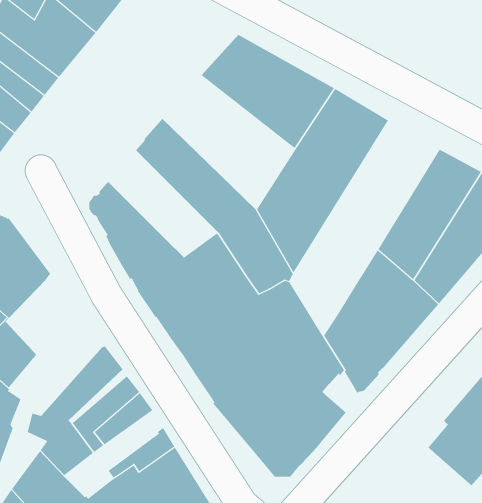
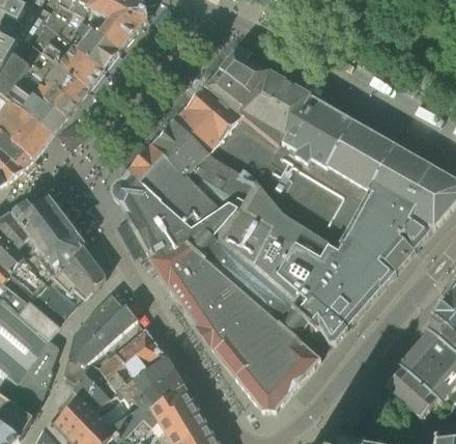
building: none -> [173,85,280,193]
building: none -> [276,121,396,295]
building: none -> [130,145,218,231]
building: none -> [48,245,107,310]
building: none -> [68,292,124,359]
building: none -> [94,355,174,424]

